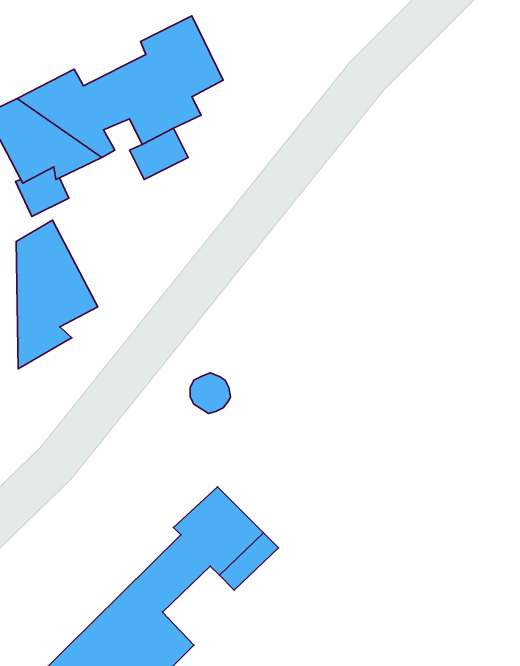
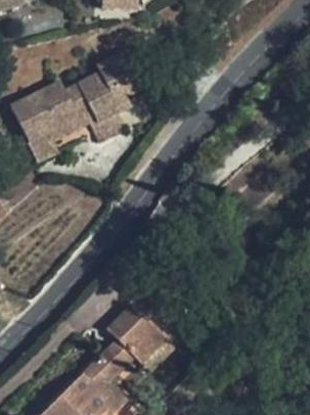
building: [16,220,98,369] -> none

